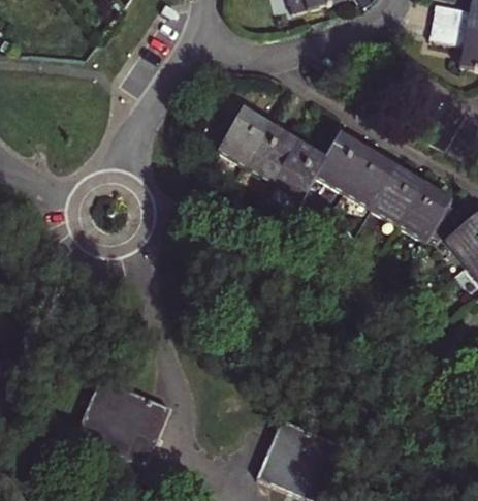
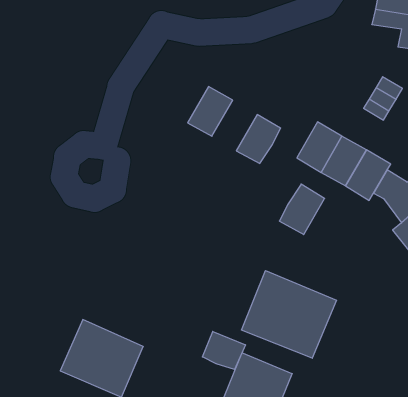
building: [248,126,299,184] -> none
building: [317,134,369,192] -> [279,184,325,235]
building: none -> [241,271,336,358]
building: none -> [202,331,245,370]

